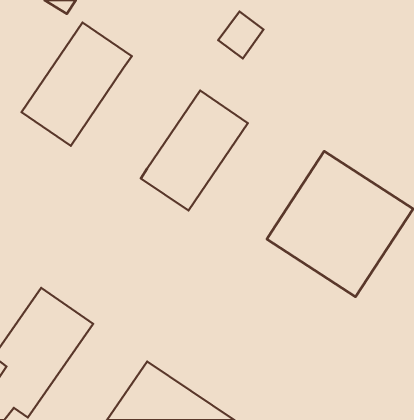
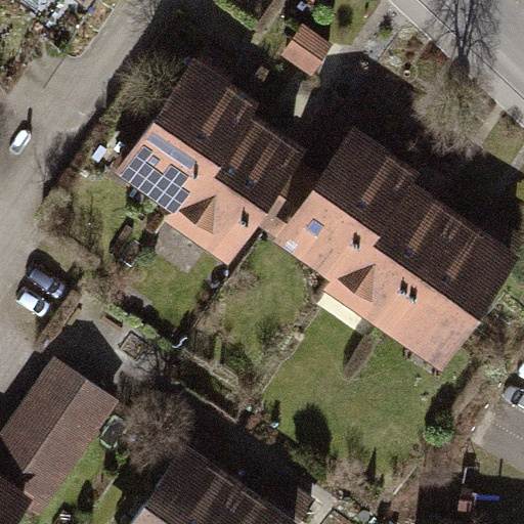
building: [21,22,132,146] -> [122,56,259,210]
building: none -> [274,131,414,289]

